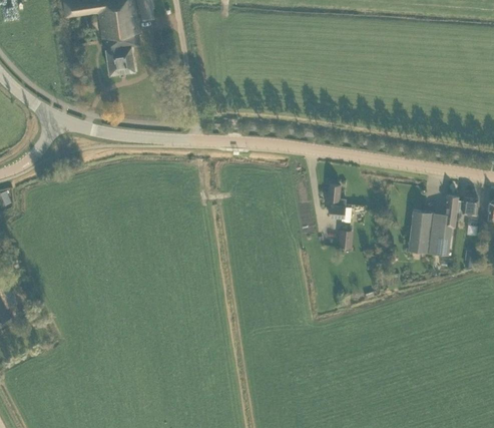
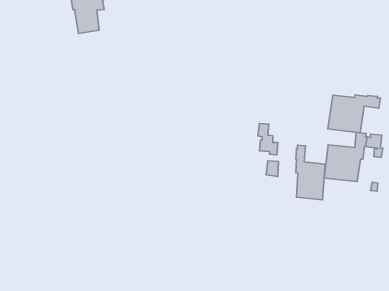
building: none -> [328,95,380,133]
building: none -> [296,145,325,200]

